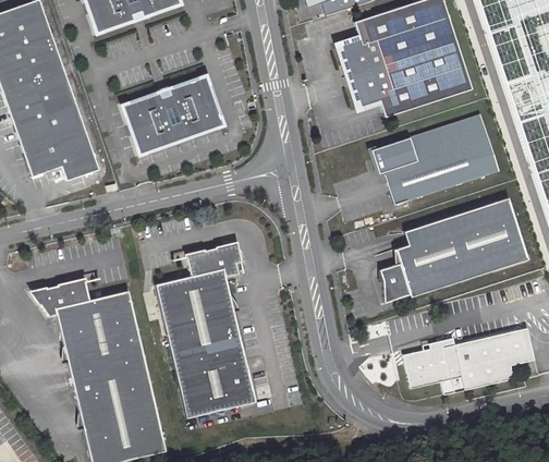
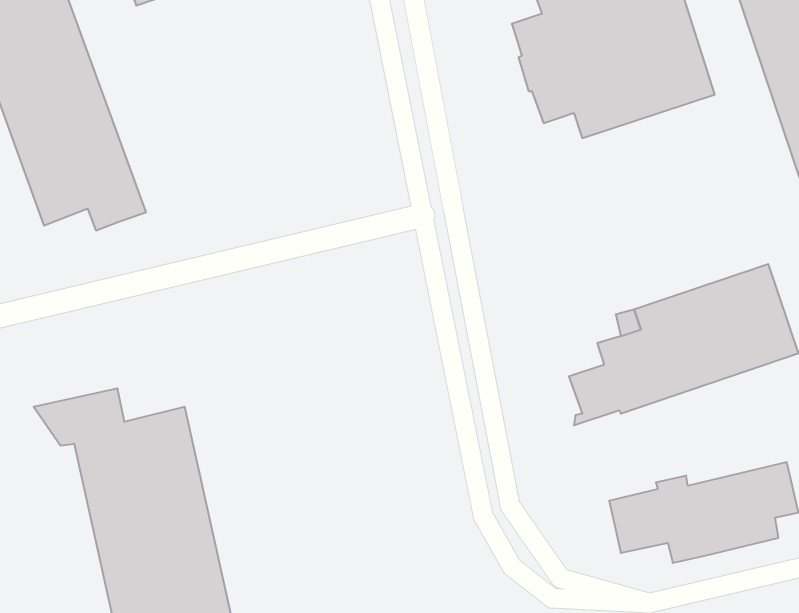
building: [122,76,222,154] -> none
building: [373,116,500,205] -> none
building: [158,242,257,417] -> none

